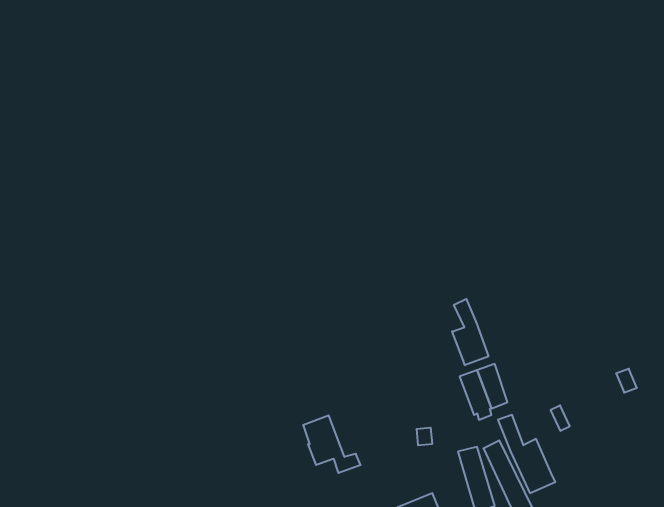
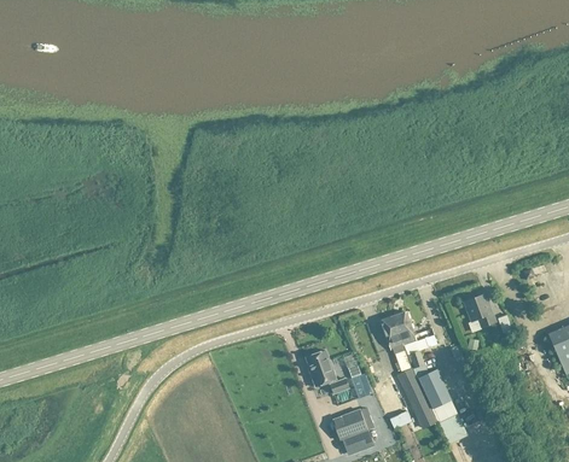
building: [452,299,488,365] -> none
building: none -> [464,294,495,327]
building: [303,415,361,473] -> [306,350,349,393]

